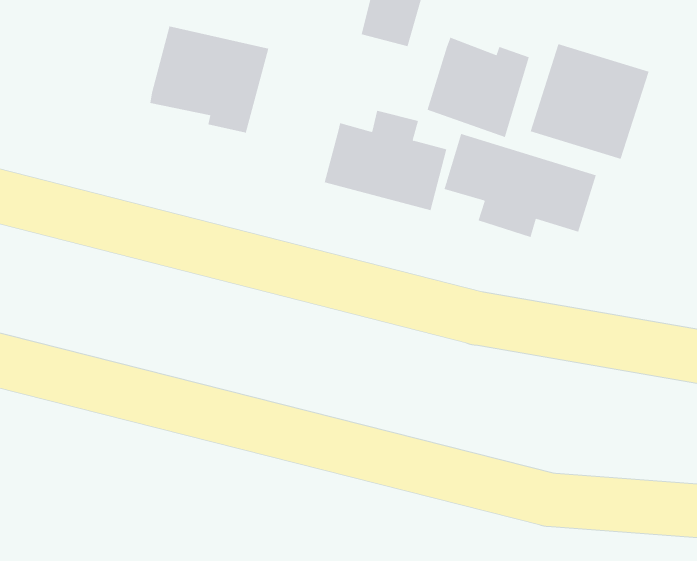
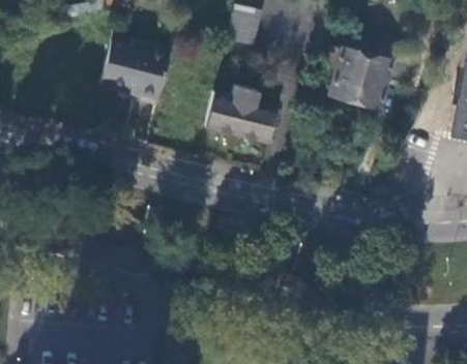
building: [427,37,529,138] -> none
building: [444,133,597,238] -> none

